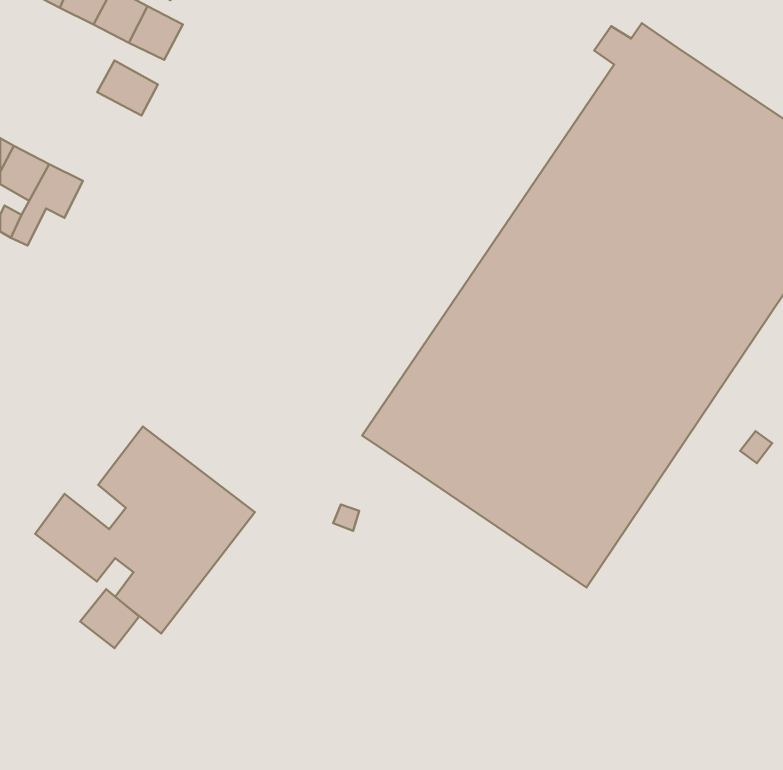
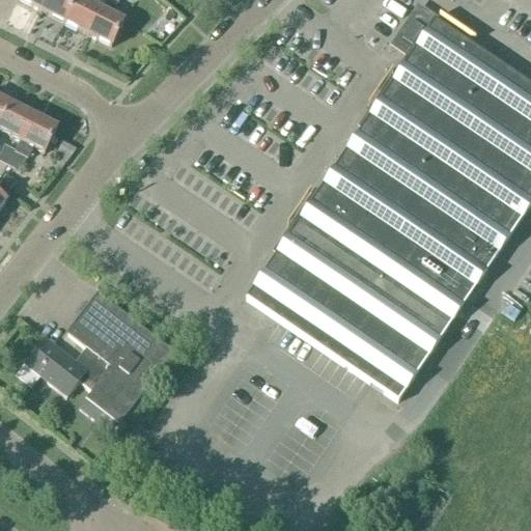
building: [97,60,158,115] -> none
building: [80,589,139,648] -> none

